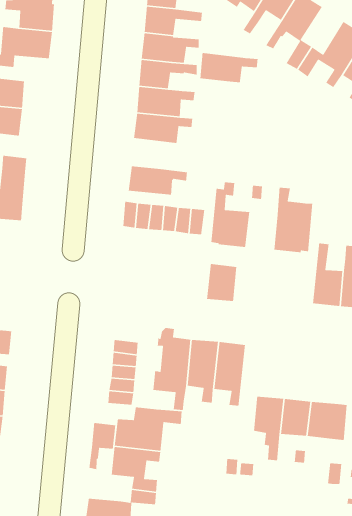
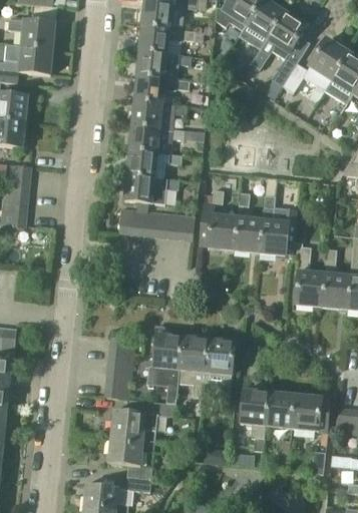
building: [200,52,259,83] -> [126,149,182,178]
building: [206,263,237,302] -> [234,217,263,253]
building: [88,422,116,470] -> none

